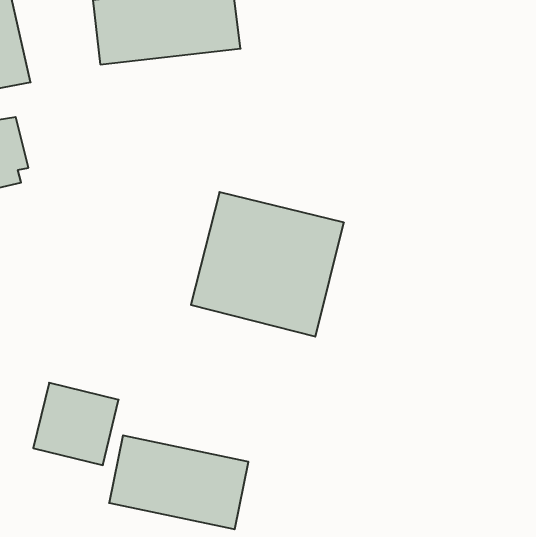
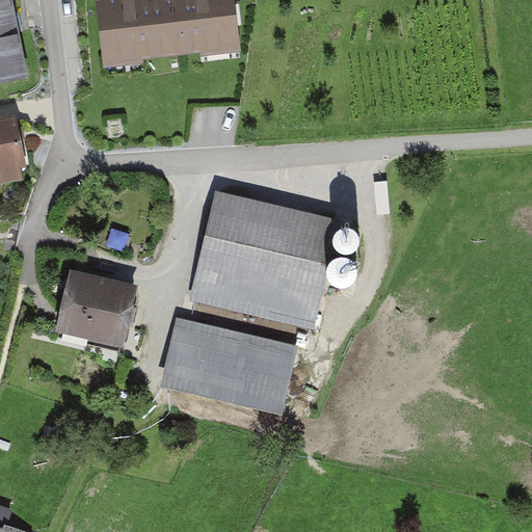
building: [33,383,119,465] -> [54,267,138,348]
building: [109,435,248,529] -> [160,319,297,411]

